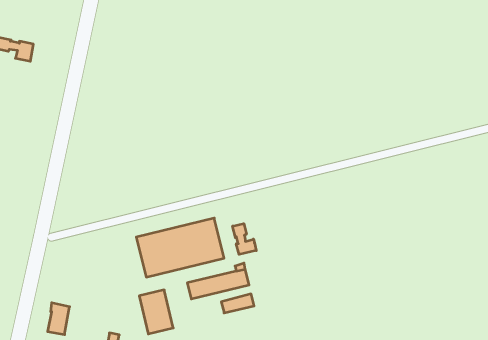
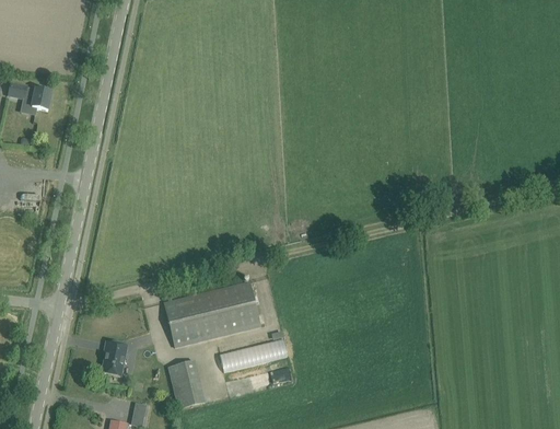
building: [233,224,256,254] -> none
building: [48,303,70,335] -> [102,340,126,375]

